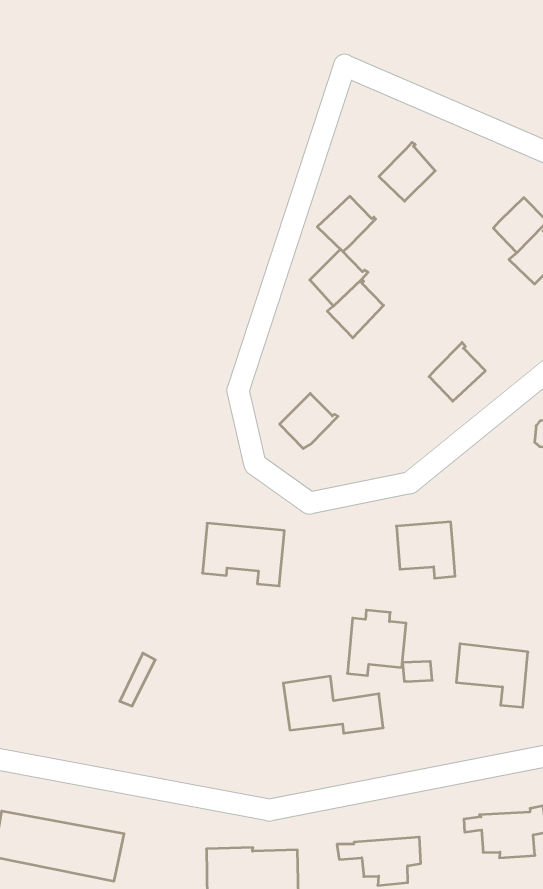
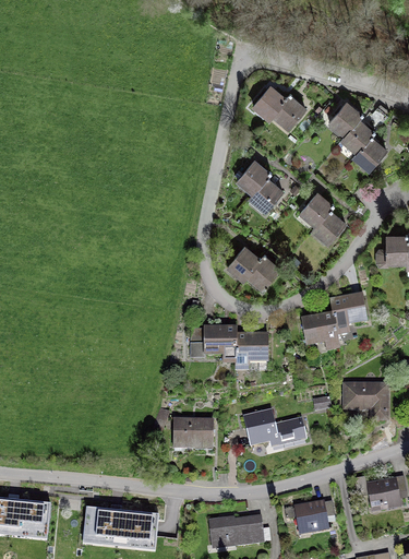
building: none -> [329,103,363,135]
building: [317,196,376,251] -> [253,86,287,119]
building: none -> [300,193,334,226]
building: none -> [248,254,280,289]
building: none -> [332,296,366,333]
building: [347,610,406,675] -> [237,330,268,368]
building: none -> [173,419,214,445]

